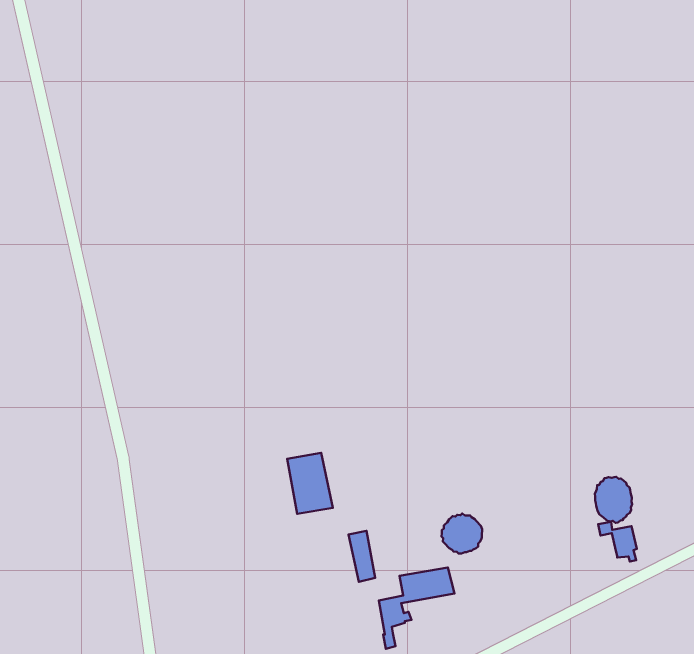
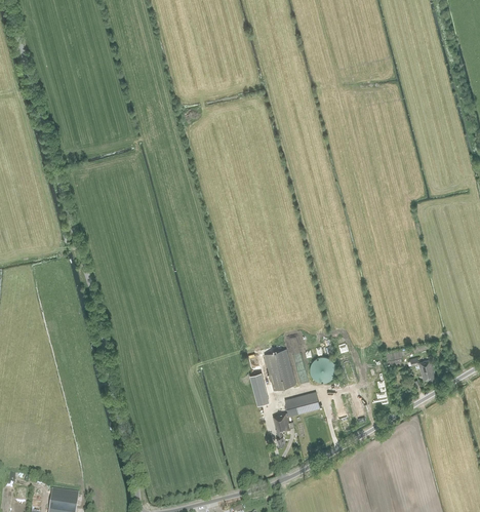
building: [287,453,333,514] -> [265,350,295,390]
building: [595,477,632,523] -> none

